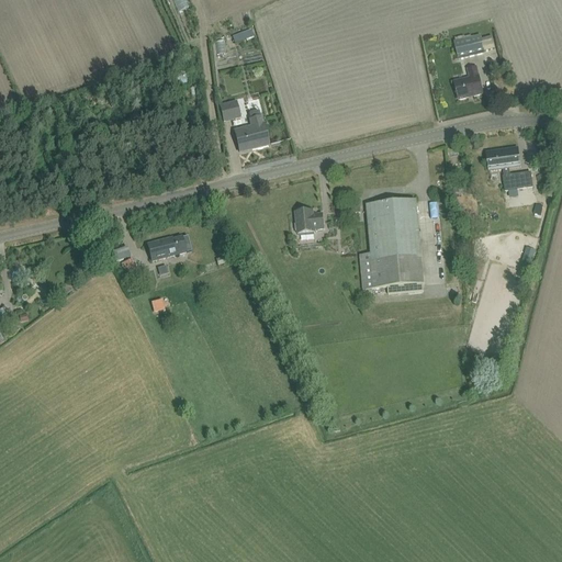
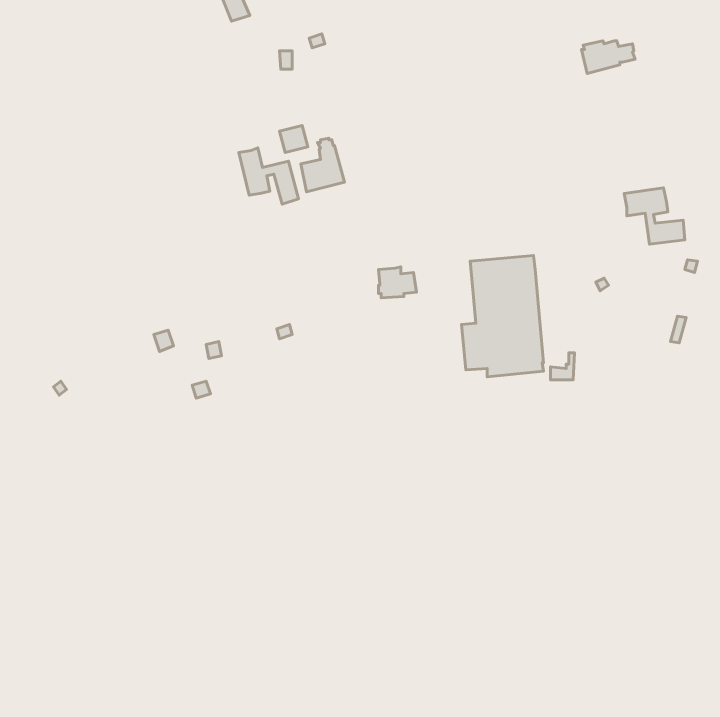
building: [453,64,482,98] -> none
building: none -> [239,148,298,204]
building: [146,234,190,259] -> none

